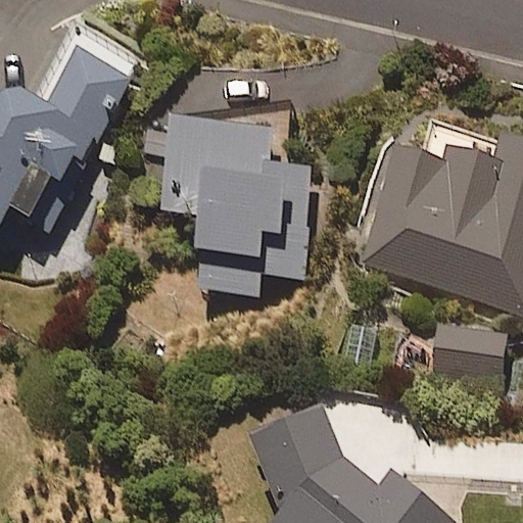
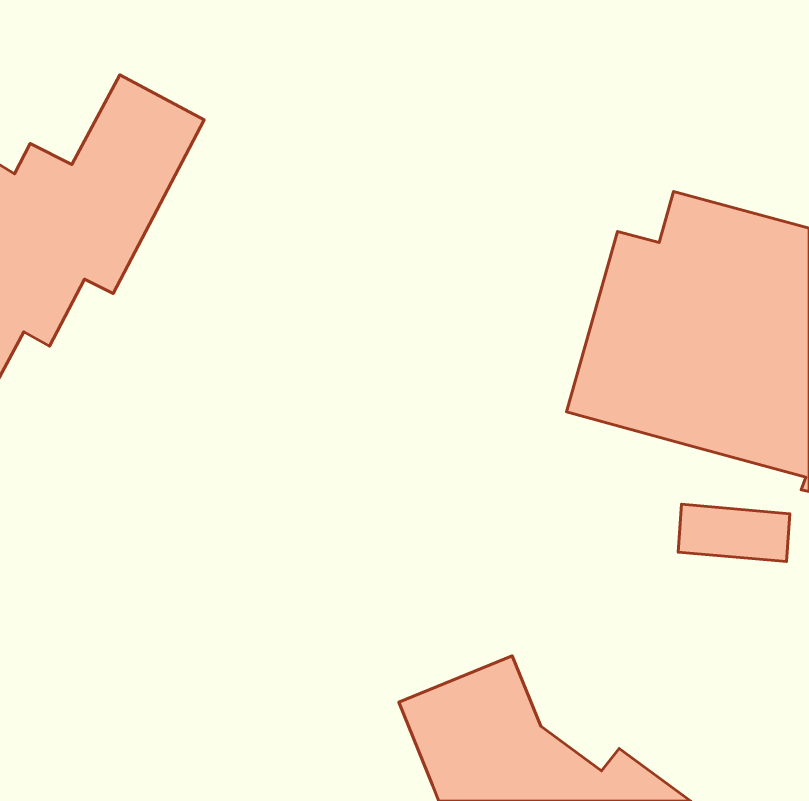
building: [163,124,312,293] -> none

